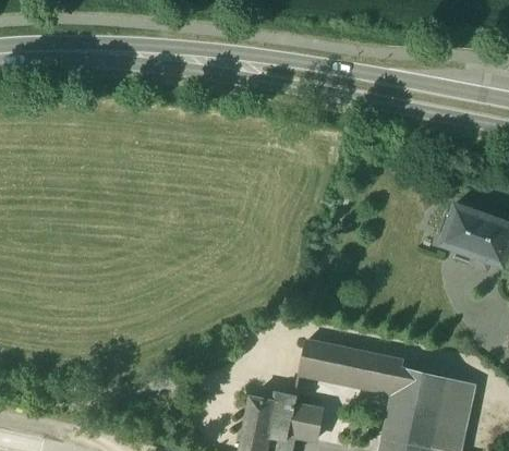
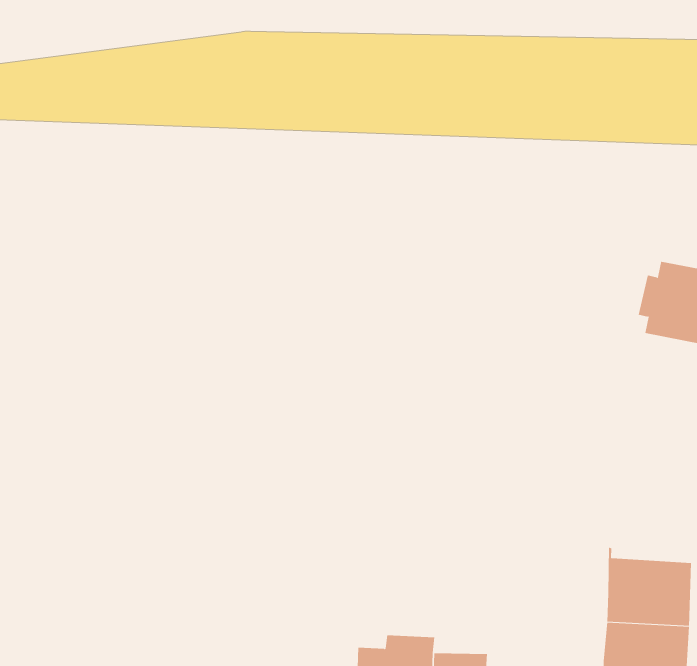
building: [299,342,400,389] -> none

